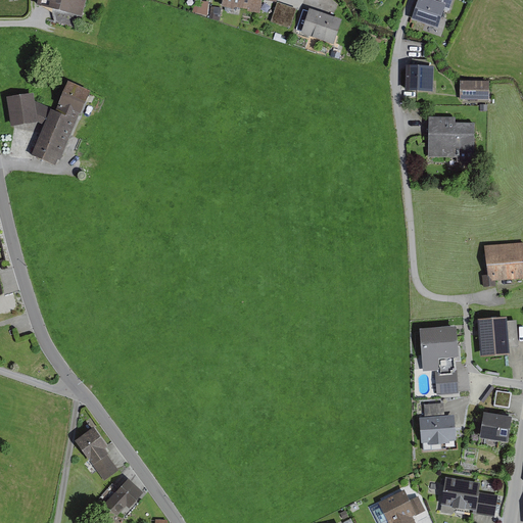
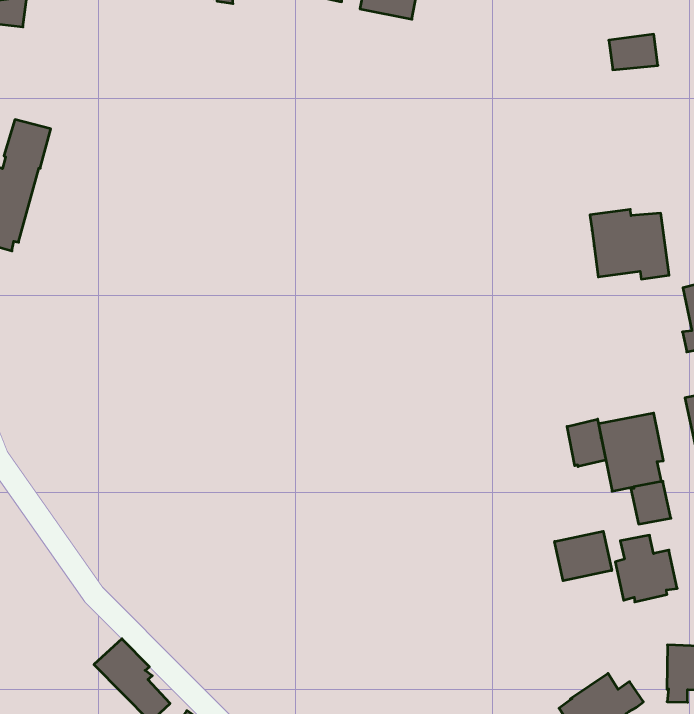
building: [403,62,433,90] -> none
building: [428,115,474,161] -> [590,209,669,279]
building: none -> [567,419,606,467]
building: none -> [555,531,612,581]

